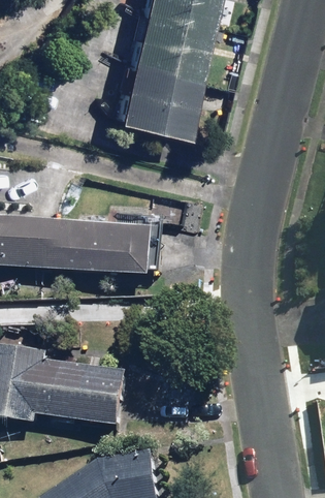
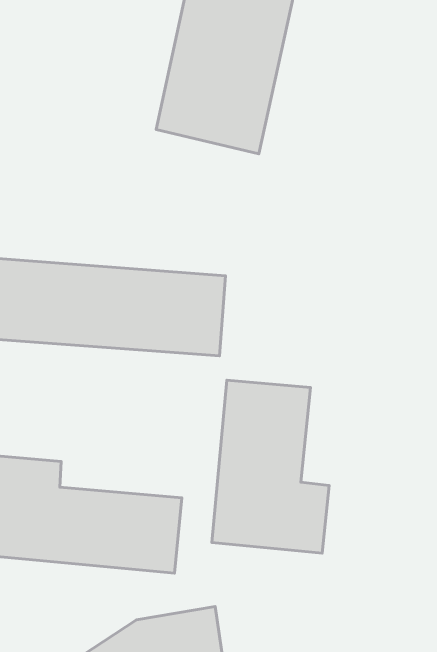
building: none -> [212,380,329,553]

